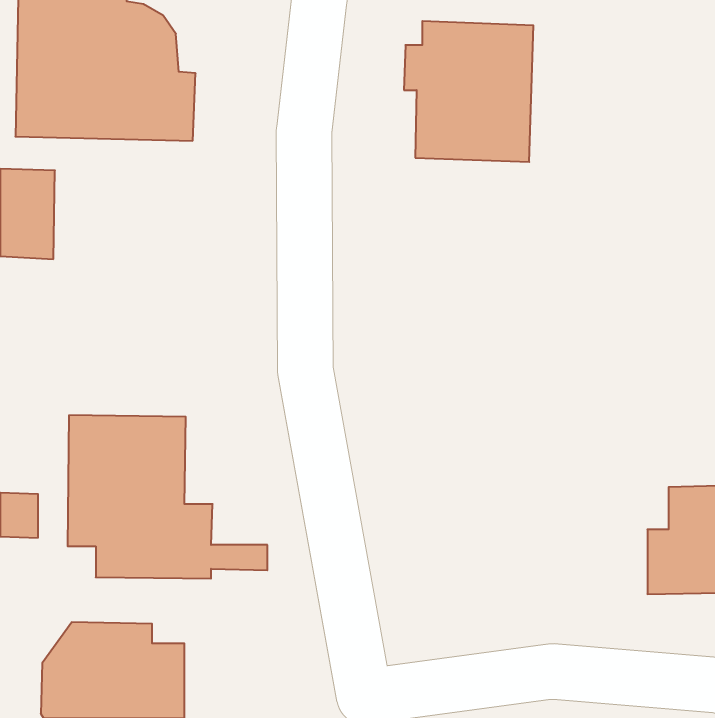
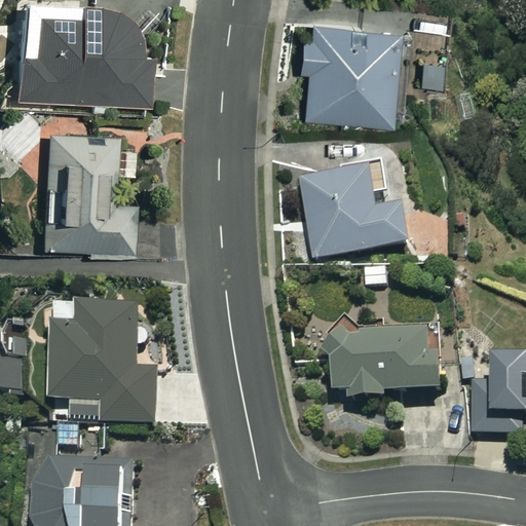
building: none -> [43,135,137,254]
building: none -> [304,168,411,259]
building: none -> [331,331,442,398]

